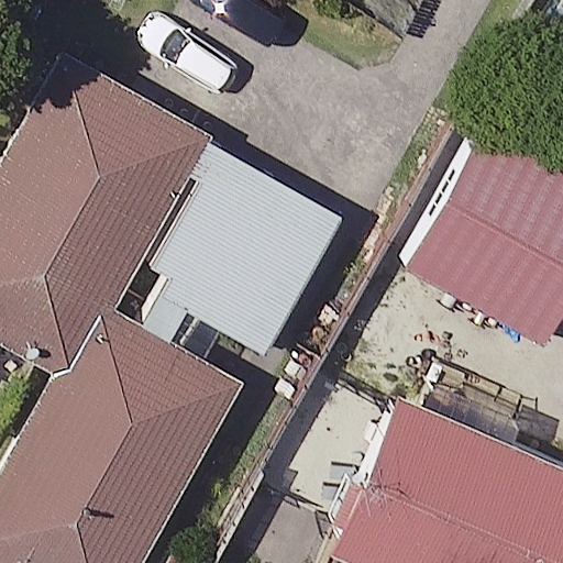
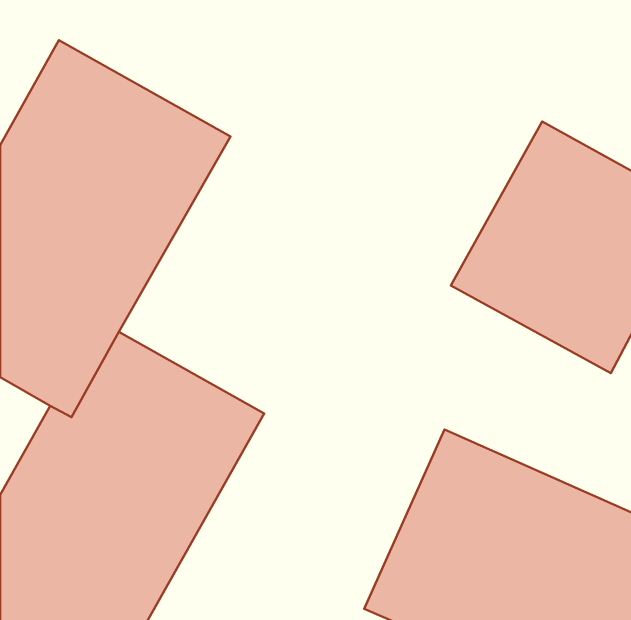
building: [153,148,350,363] -> none

